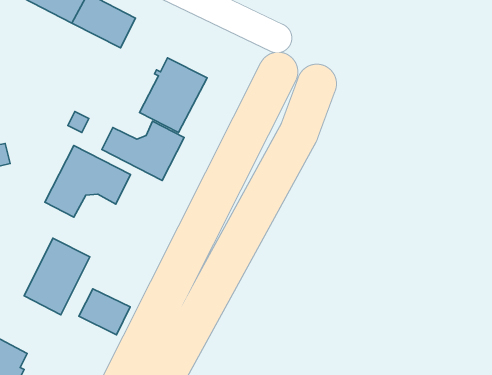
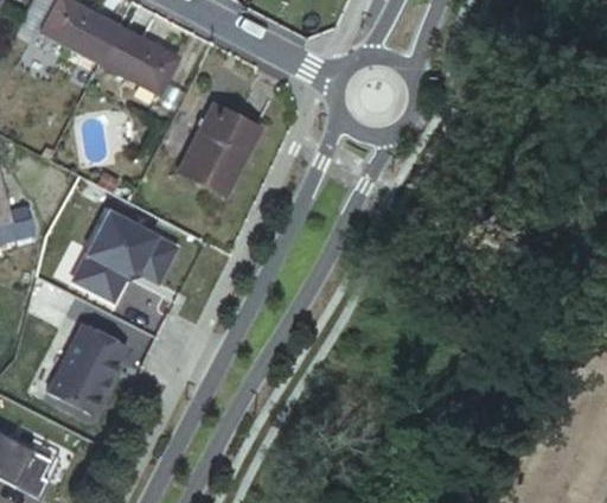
building: [102,121,184,181] -> none
building: [79,289,130,335] -> none

